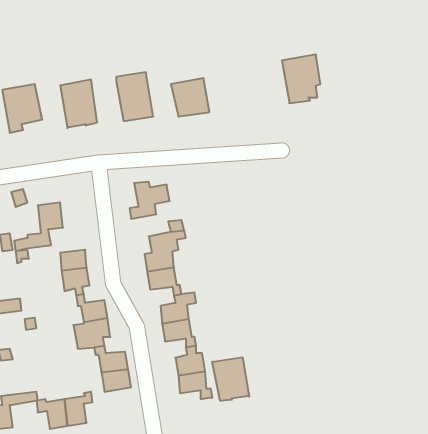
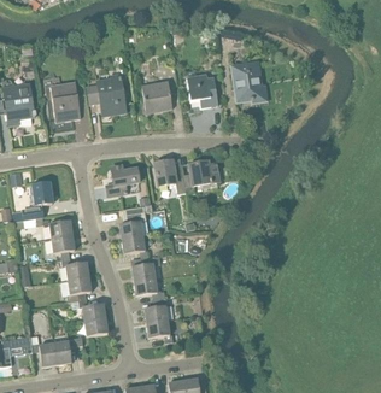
building: none -> [187,72,218,107]
building: none -> [154,160,187,194]
building: none -> [189,160,219,184]
building: [212,357,249,401] -> none

